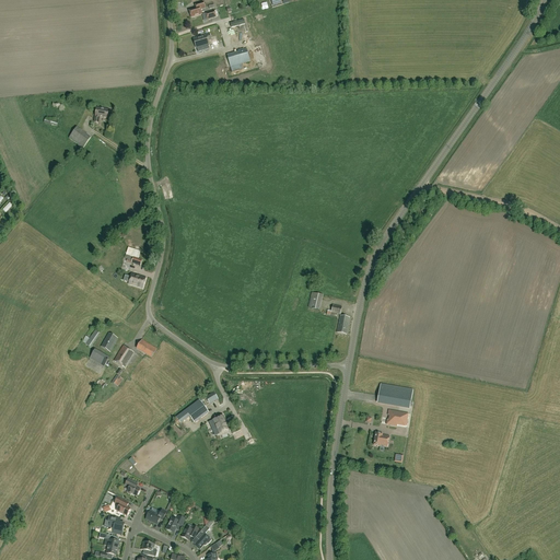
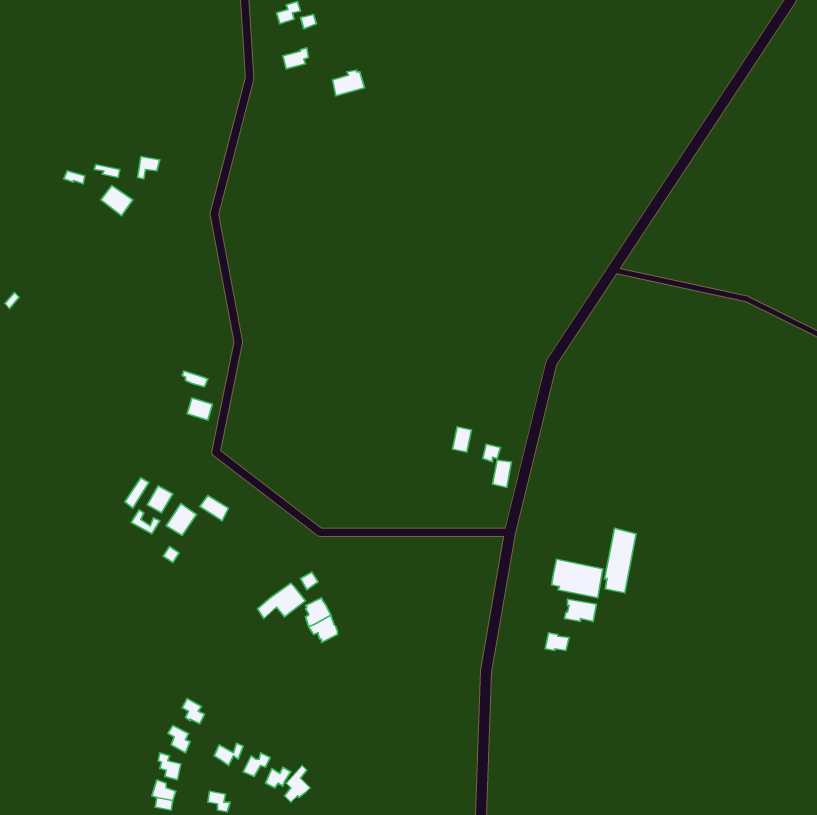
building: none -> [604,528,636,593]

